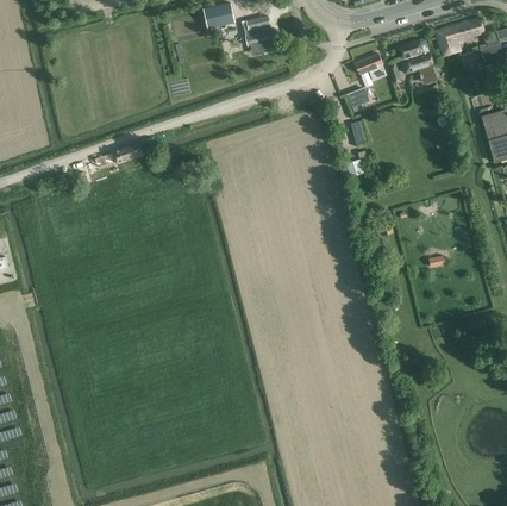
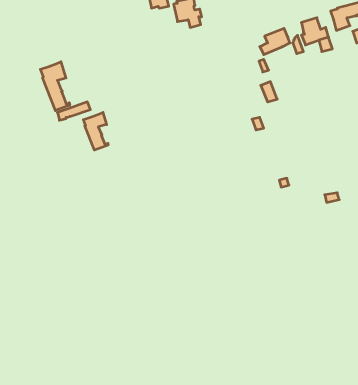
building: none -> [40,62,70,111]
building: none -> [83,112,108,150]

